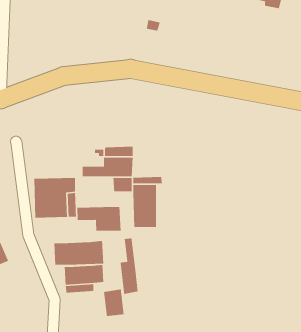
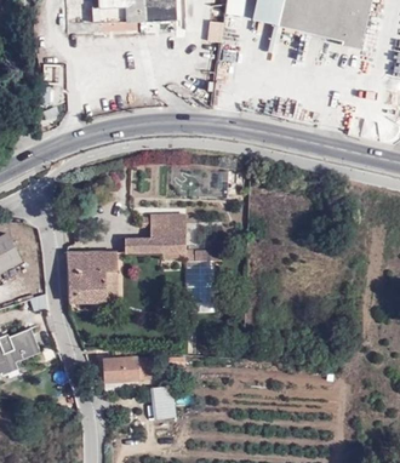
building: [77,206,122,232] -> none
building: [120,237,139,295] -> none
building: [53,240,104,266] -> none

